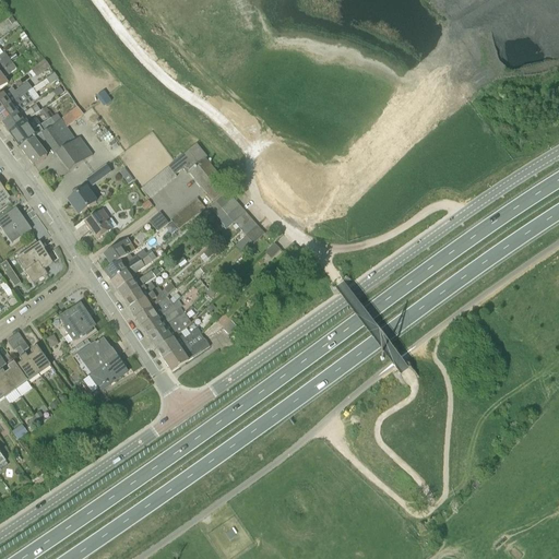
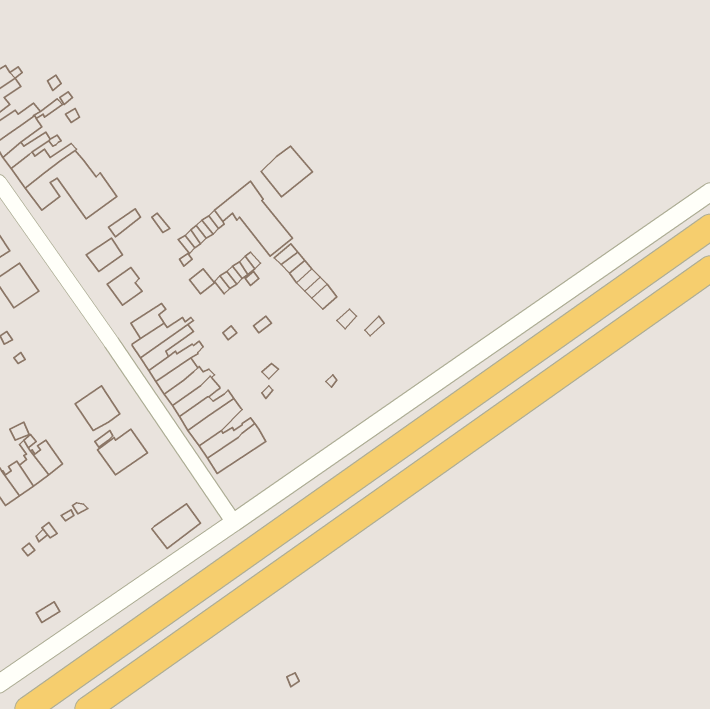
building: none -> [261,146,312,197]
building: [16,240,51,282] -> none
building: [88,355,127,390] -> [152,504,200,548]

